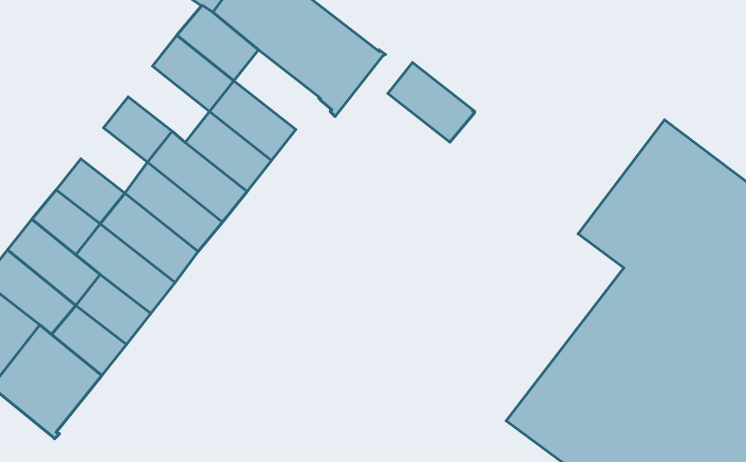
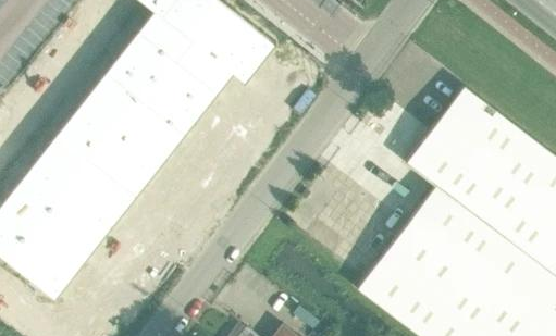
building: [388,62,474,142] -> [176,40,234,94]
building: none -> [106,51,160,102]
building: none -> [74,92,119,136]

